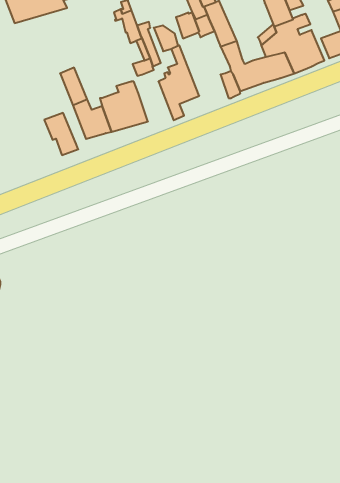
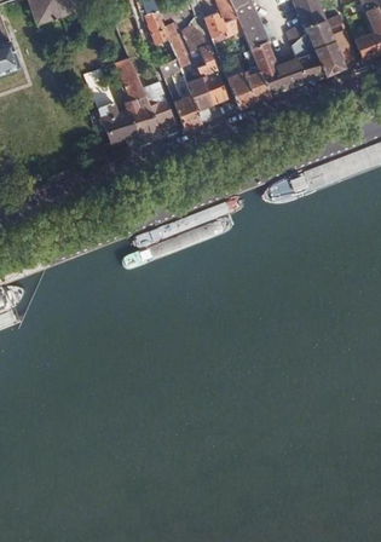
building: none -> [227,73,259,110]
building: none -> [174,97,202,131]
building: [44,113,78,155] -> [110,58,145,102]

